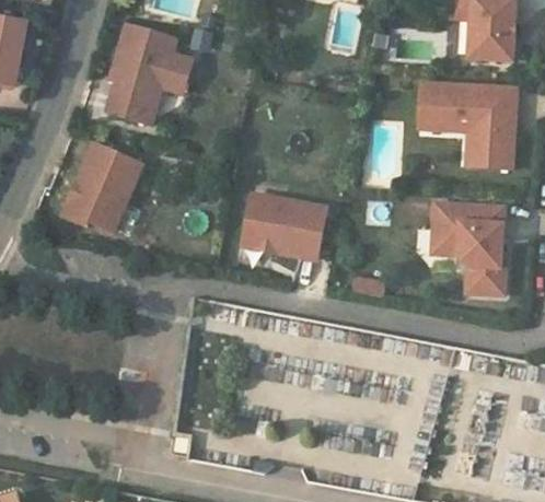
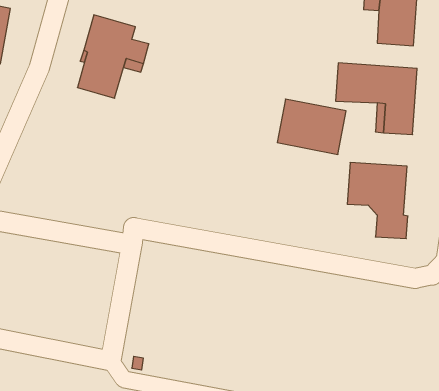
building: [61,143,141,232] -> none
building: [242,192,325,259] -> [277,99,346,154]

